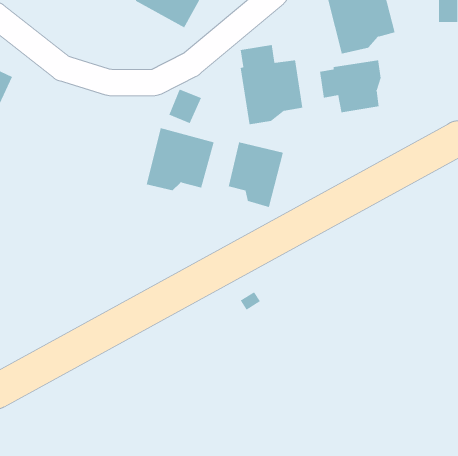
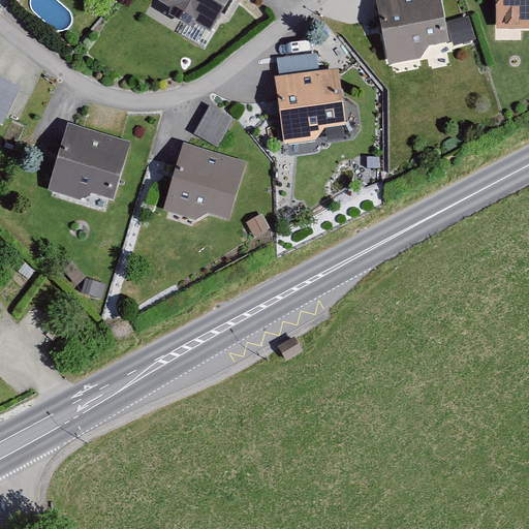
building: [319,59,381,113] -> none
building: none -> [46,125,129,198]
building: [228,142,283,208] -> none

